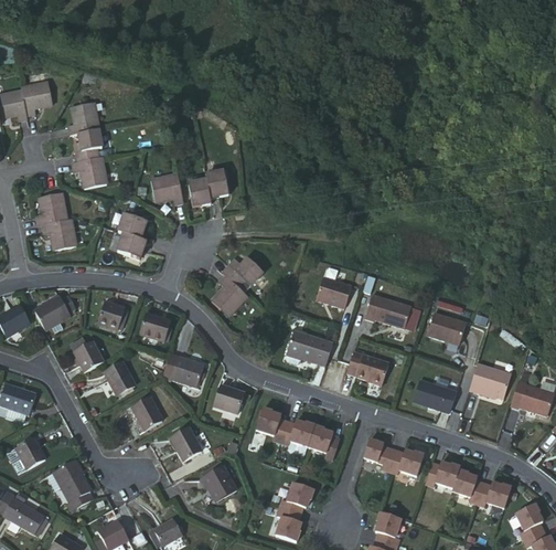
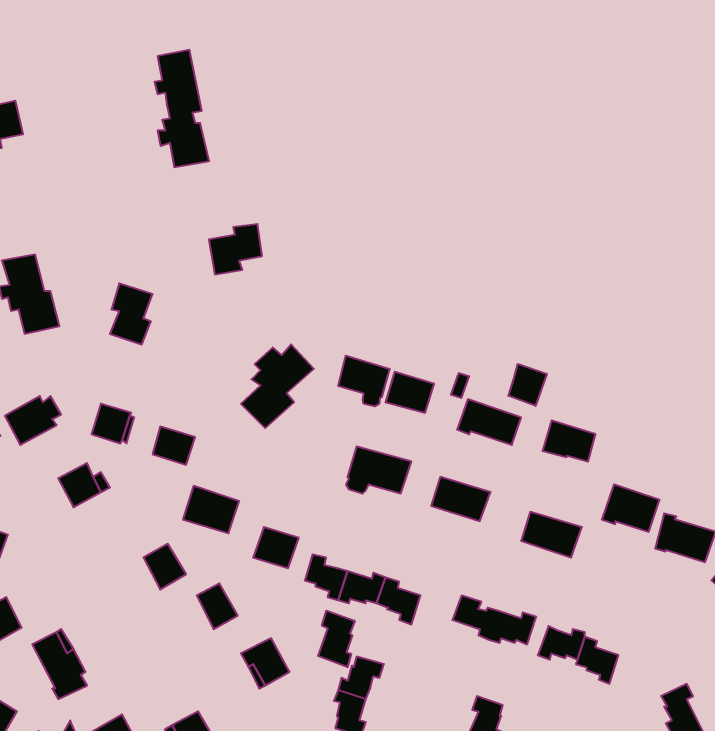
building: [67,99,107,184] -> [154,50,209,167]
building: [150,169,181,201] -> none
building: none -> [338,356,390,406]
building: none -> [508,364,547,406]
building: [109,363,140,396] -> none
building: none -> [318,611,355,667]
building: [475,480,510,504] -> none

